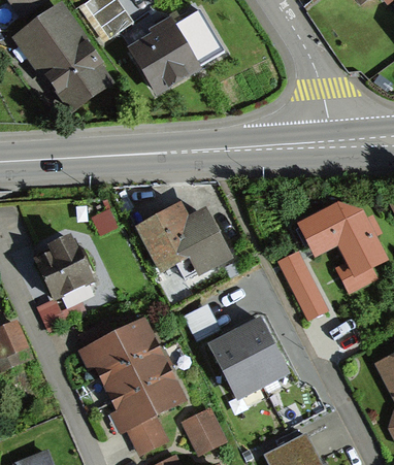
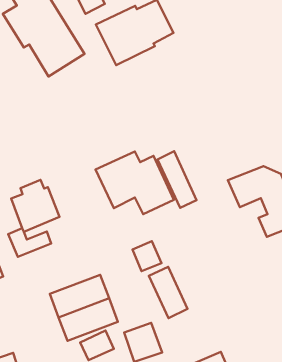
building: [274,250,325,318] -> [157,151,197,208]
building: [78,320,151,374] -> none
building: [232,321,283,383] -> none

